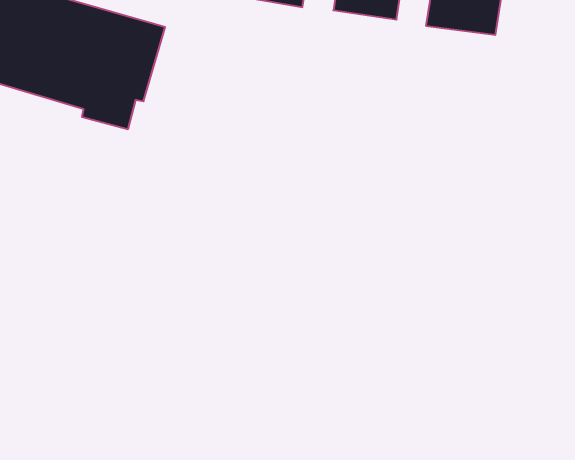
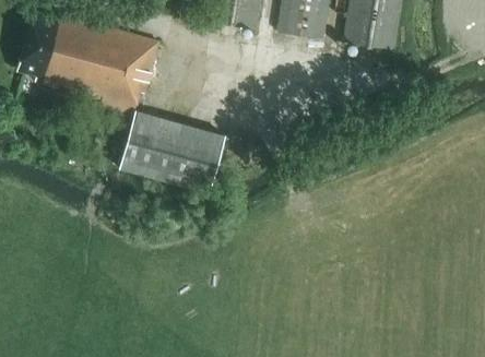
building: none -> [119,108,226,192]

